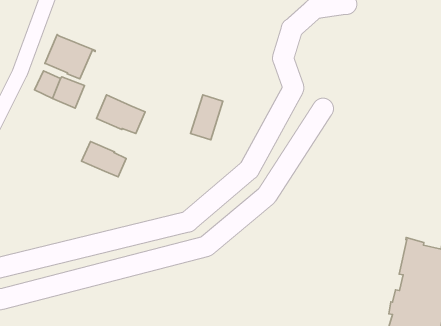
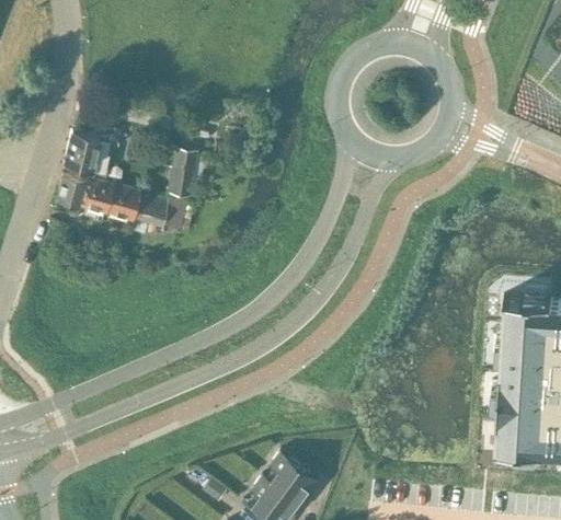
building: none -> [105,186,138,221]
building: [190,95,223,140] -> [167,150,197,199]
building: [81,141,126,177] -> none

